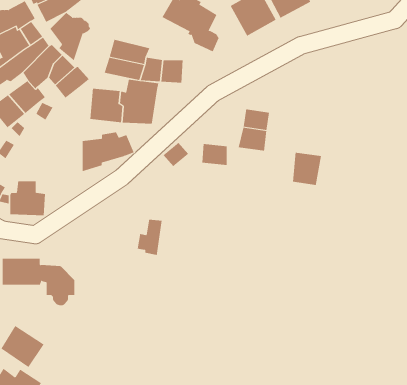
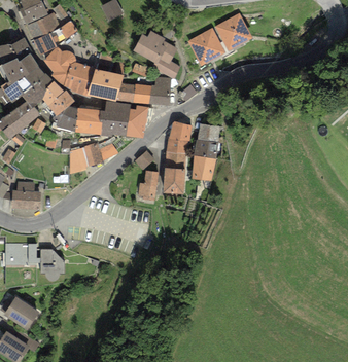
building: none -> [63,62,95,95]
building: none -> [149,76,170,105]
building: none -> [51,105,77,132]
building: none -> [126,105,148,137]
building: none -> [166,121,192,153]
building: [292,152,322,186] -> [192,154,215,181]
building: none -> [163,167,185,193]
building: [137,219,163,255] -> [137,171,158,200]

